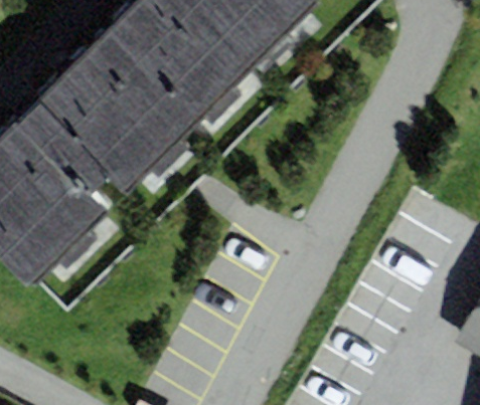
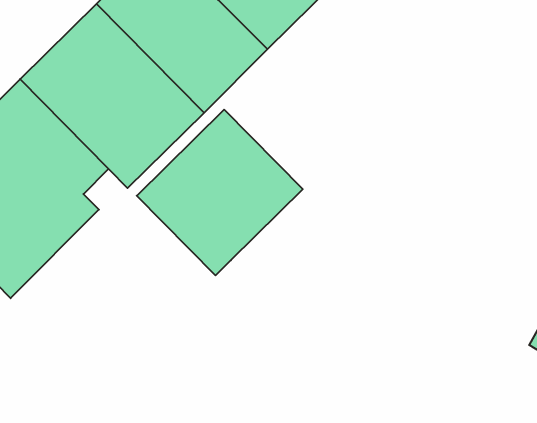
building: none -> [137,110,303,275]

